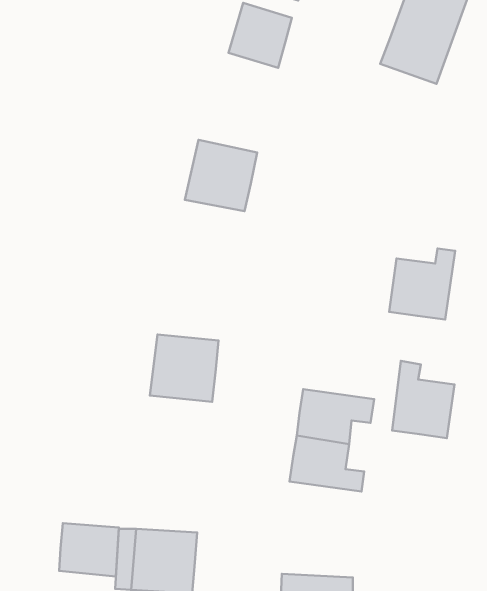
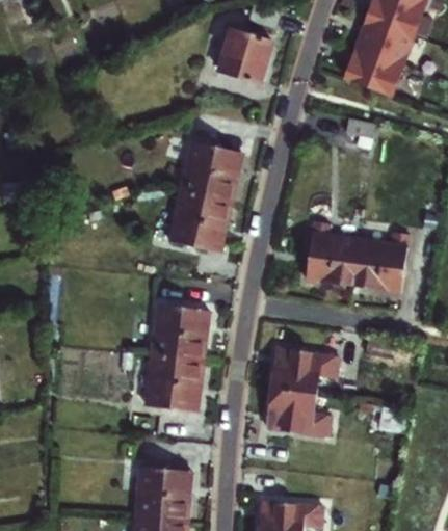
building: none -> [170,192,231,250]
building: [392,361,454,438] -> [306,221,358,286]
building: none -> [147,355,204,410]
building: [59,523,119,577] -> none

